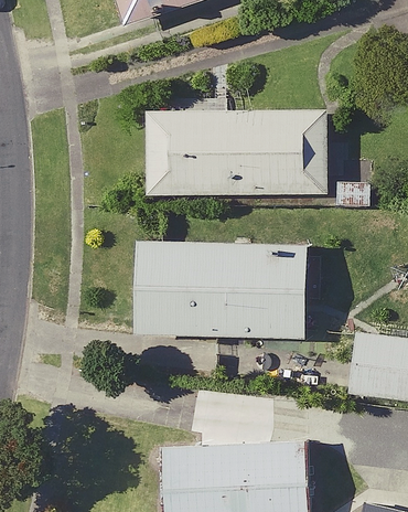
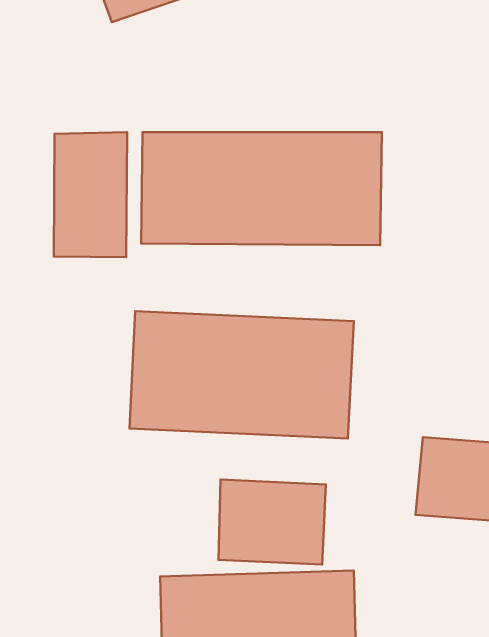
building: none -> [54,132,127,257]
building: none -> [218,480,326,564]

